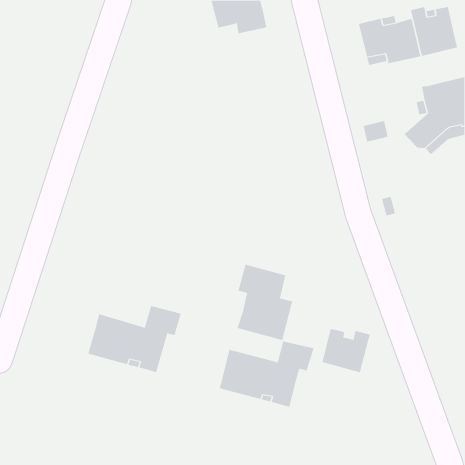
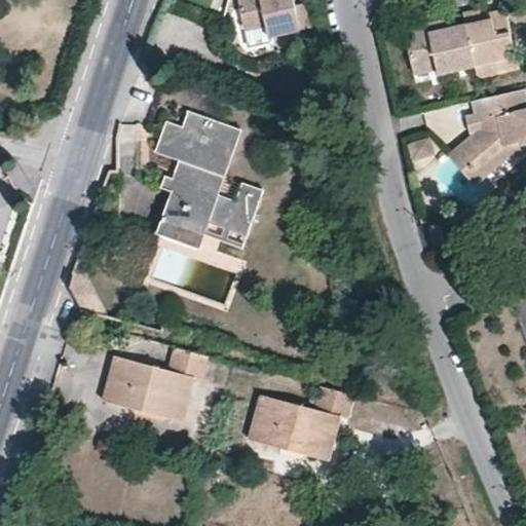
building: none -> [155,111,264,250]
building: [237,264,293,341] -> none
building: [322,328,370,373] -> none

